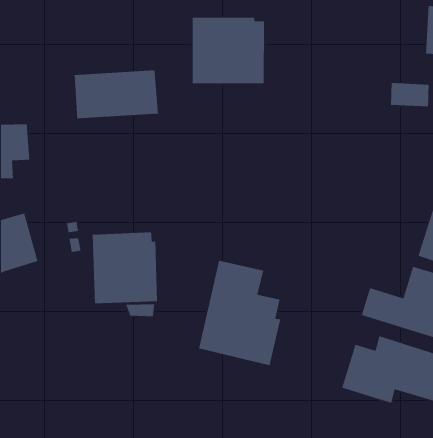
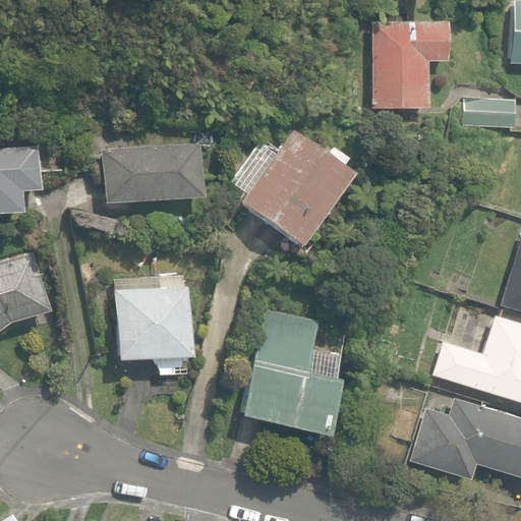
building: [192,17,265,84] -> none
building: none -> [372,21,445,108]
building: [74,69,159,119] -> [104,143,205,202]
building: none -> [242,130,352,245]

